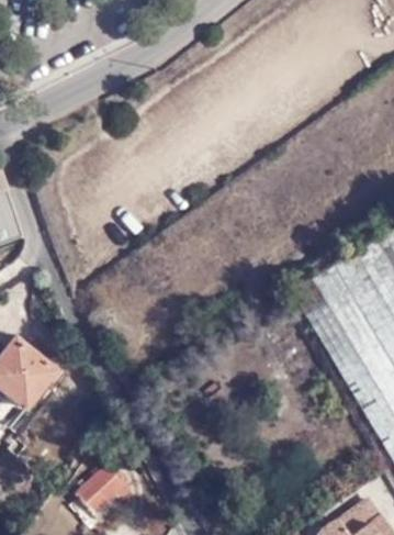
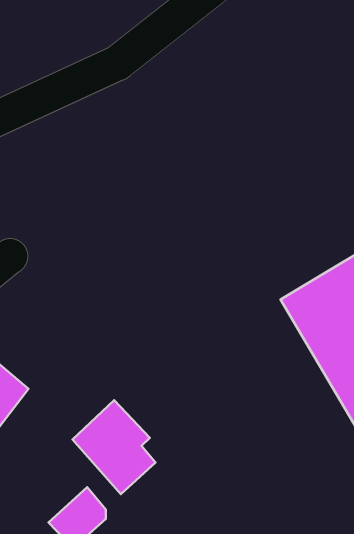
building: none -> [73,400,156,494]

